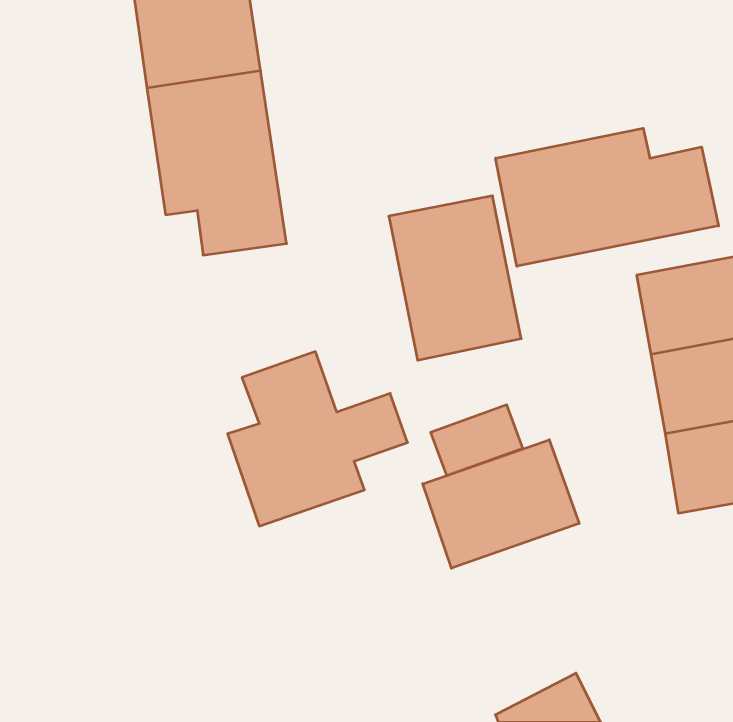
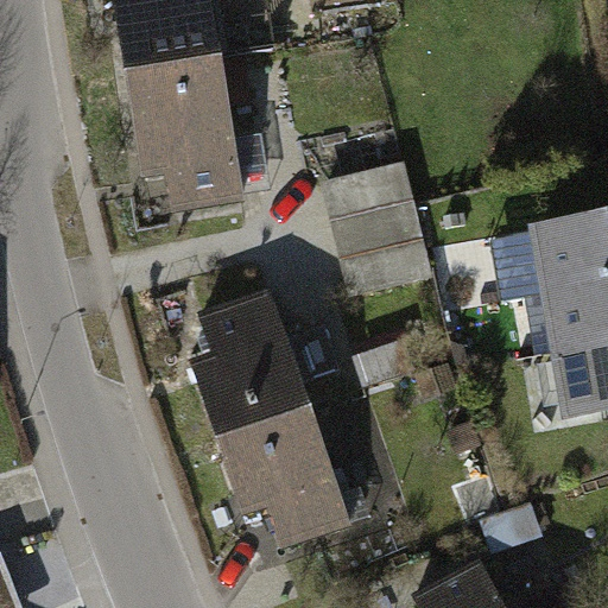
building: [496,128,719,266] -> none
building: [423,440,579,568] -> none
building: none -> [216,404,344,544]

